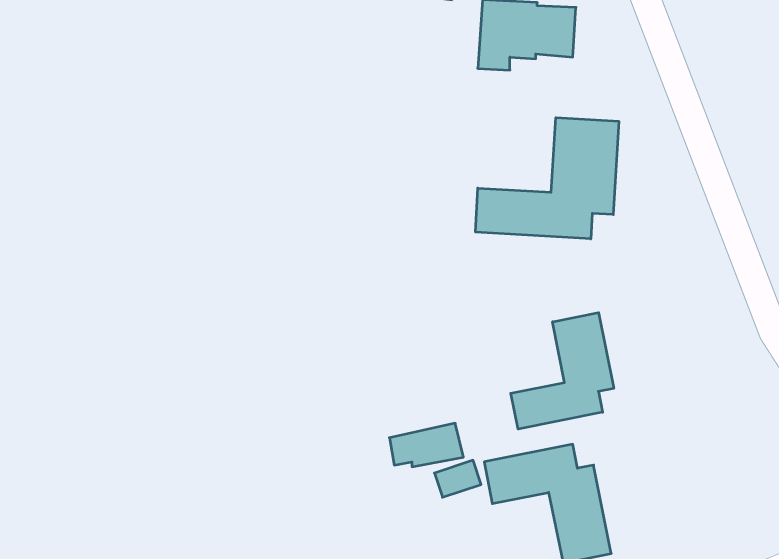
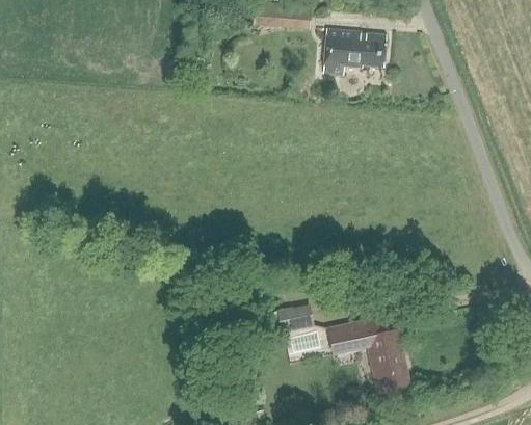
building: [476,118,619,239] -> none
building: [511,313,614,429] -> none

